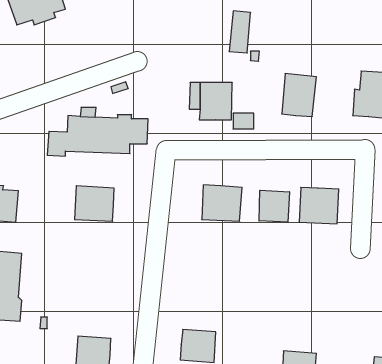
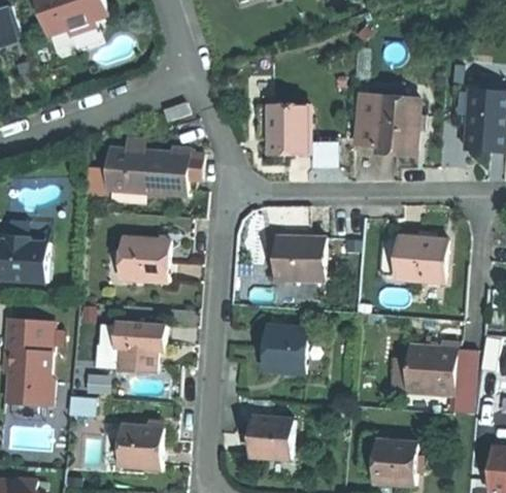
building: [229,11,251,53] -> [352,93,379,145]
building: [259,190,289,222] -> none
building: none -> [112,321,165,371]
building: none -> [263,324,306,370]
building: none -> [405,340,476,412]

